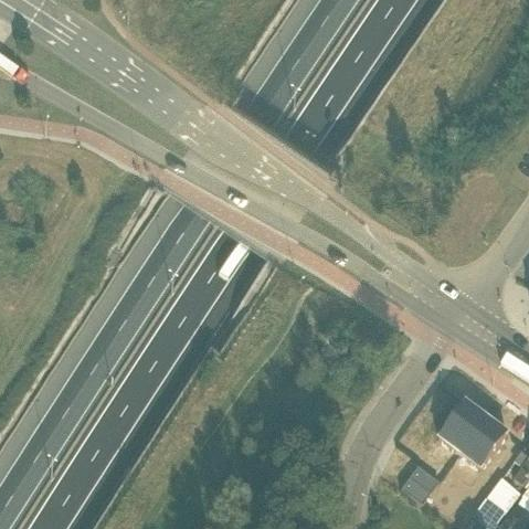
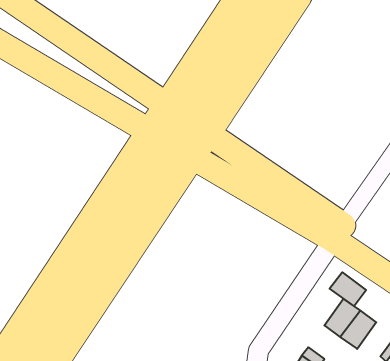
building: none -> [330,272,366,306]

